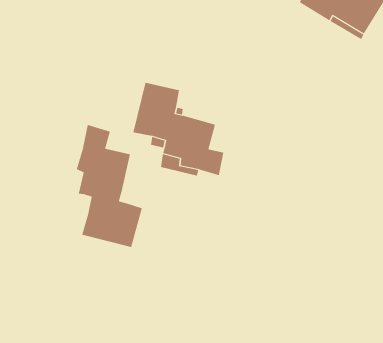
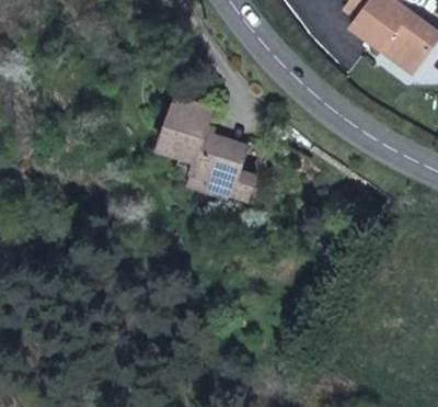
building: [76,124,142,248] -> none

